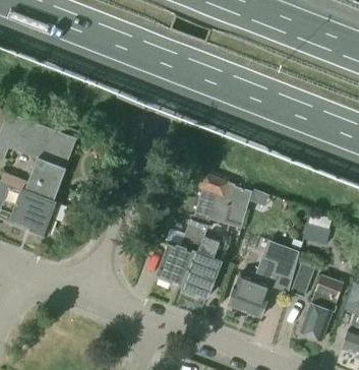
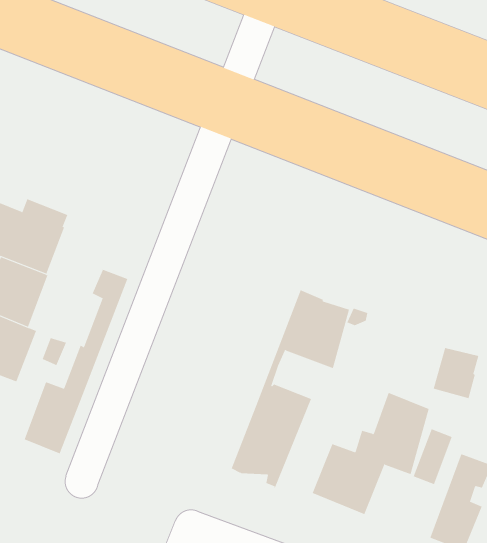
building: [157,173,221,287] -> [24,269,128,454]

